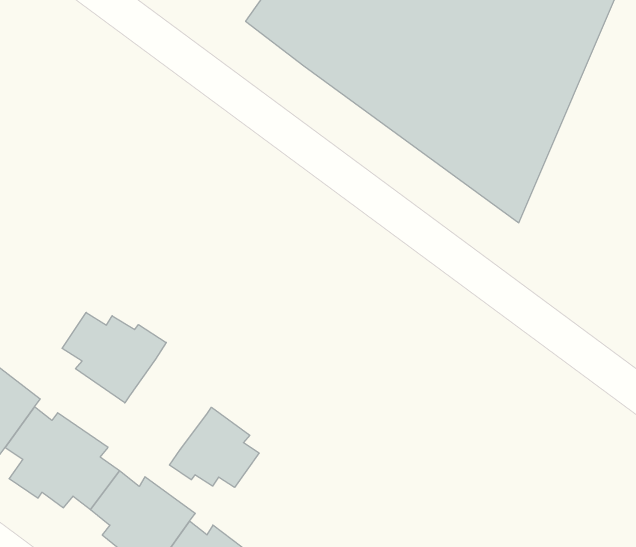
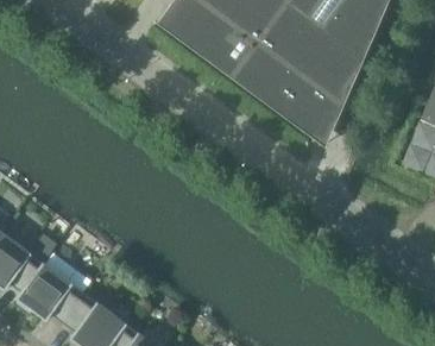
building: [62,312,166,403] -> none
building: [169,407,259,487] -> none

